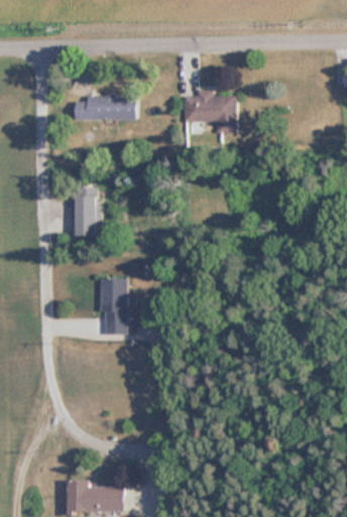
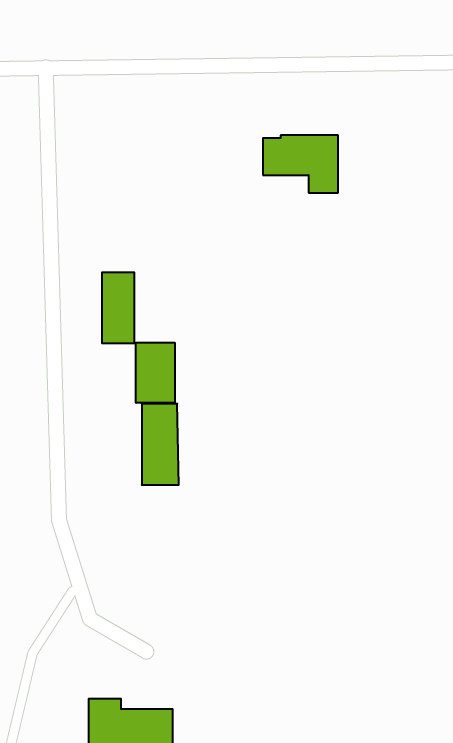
building: [75,96,135,120] -> none
building: none -> [136,343,175,403]

